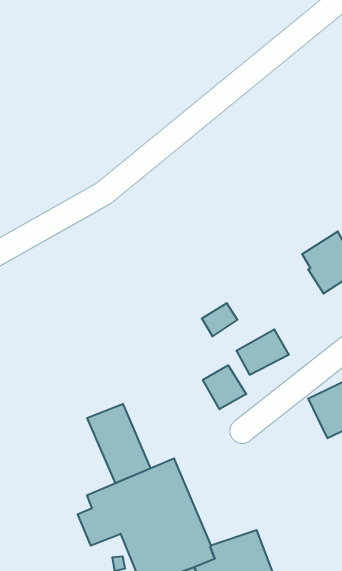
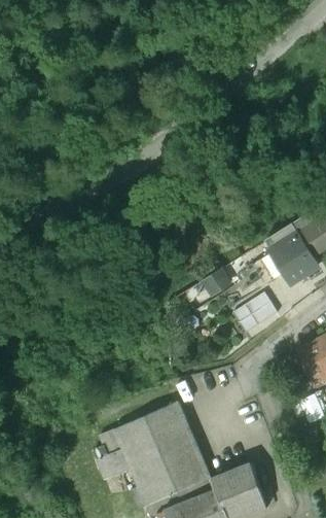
building: none -> [262,226,315,285]
building: [203,365,246,409] -> none
building: [87,404,150,483] -> none

